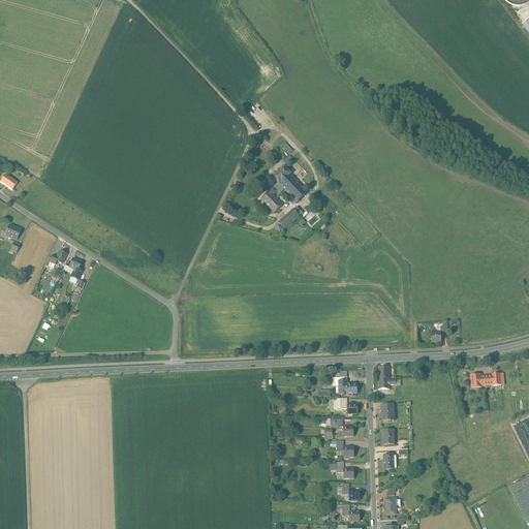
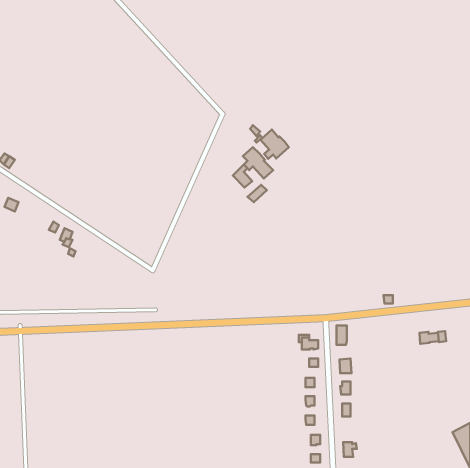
building: none -> [261,129,289,159]

